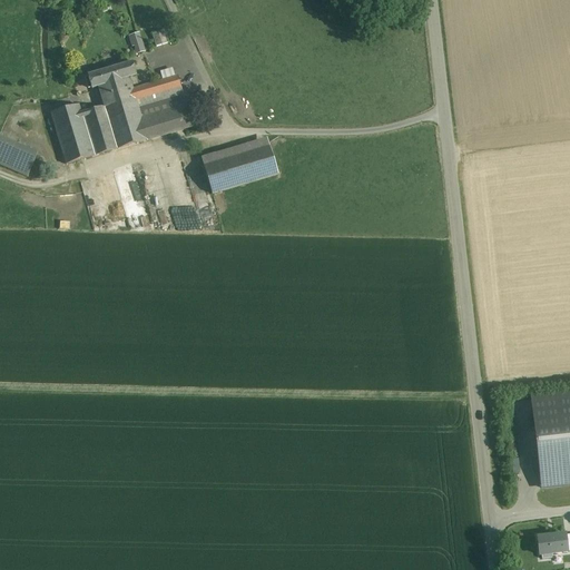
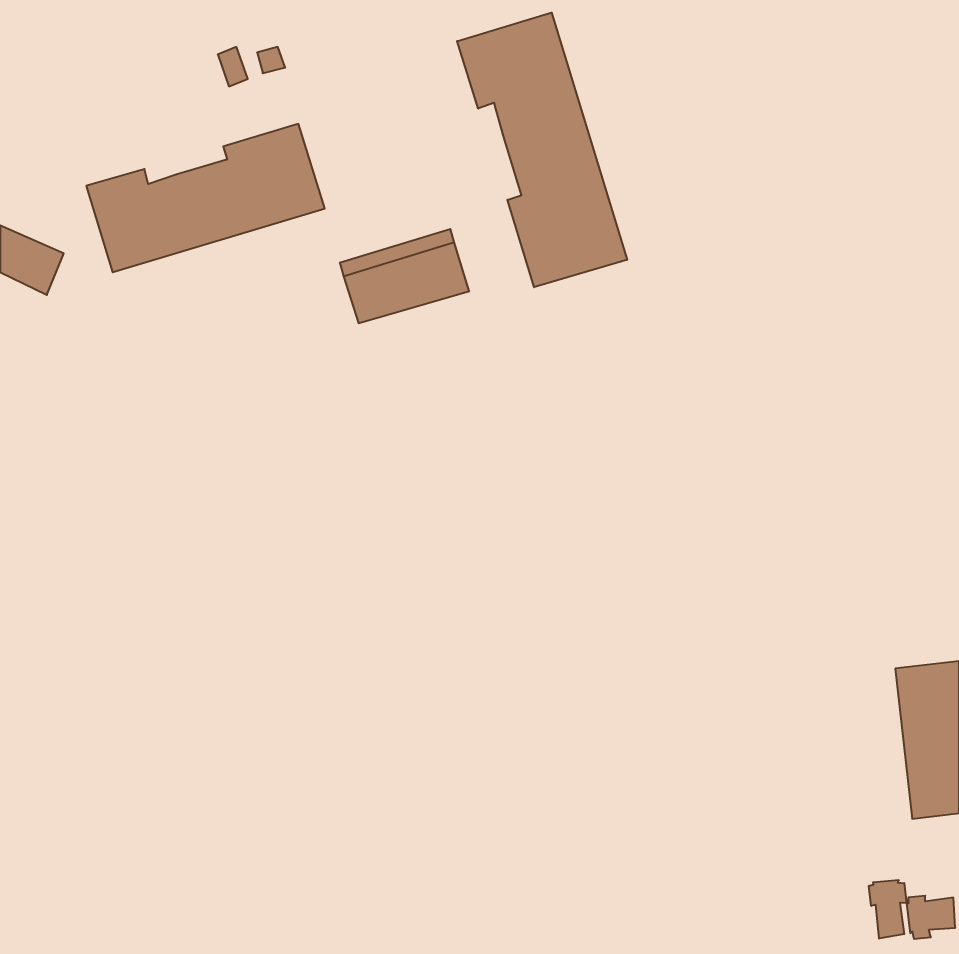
building: none -> [457,13,627,287]
building: [88,60,137,104] -> none
building: none -> [869,880,906,939]

